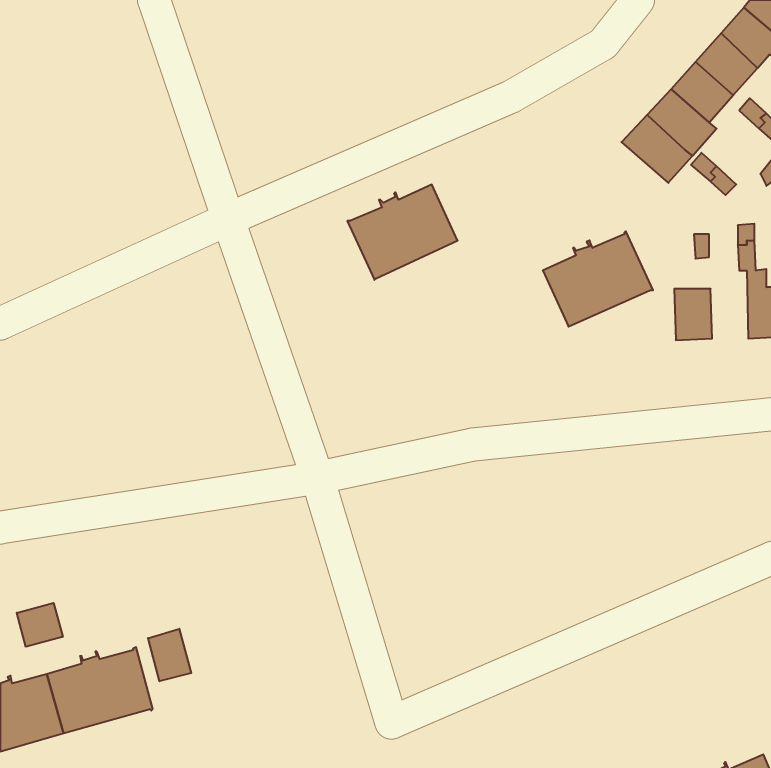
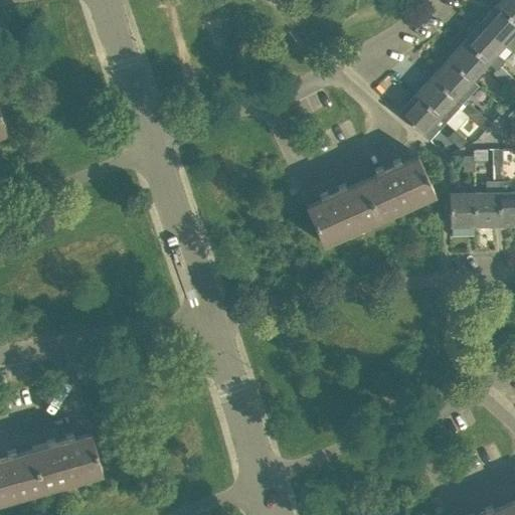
building: none -> [399,98,467,151]
building: [347,185,458,280] -> [306,183,379,246]
building: none -> [474,183,499,228]
building: [17,603,63,647] -> none
building: [148,629,191,681] -> none

